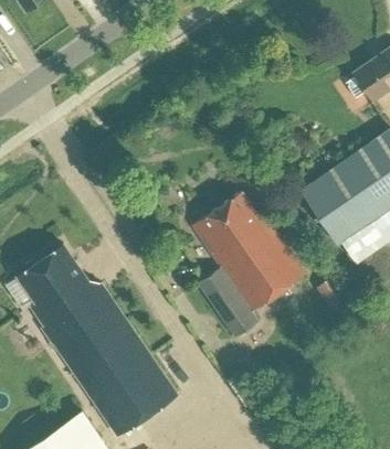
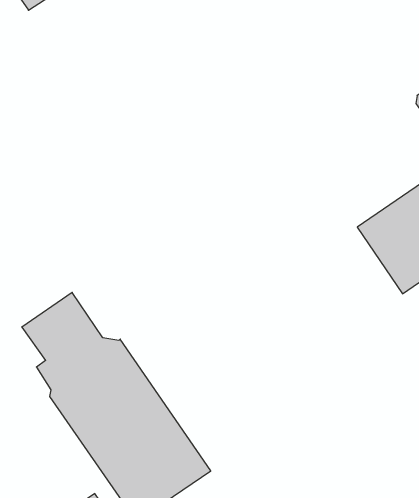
building: [192,192,306,338] -> none

